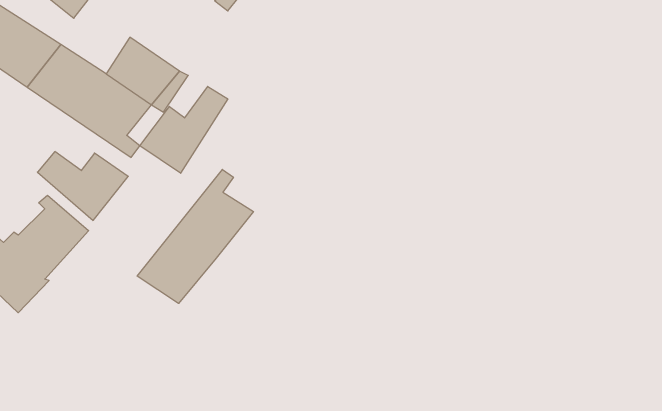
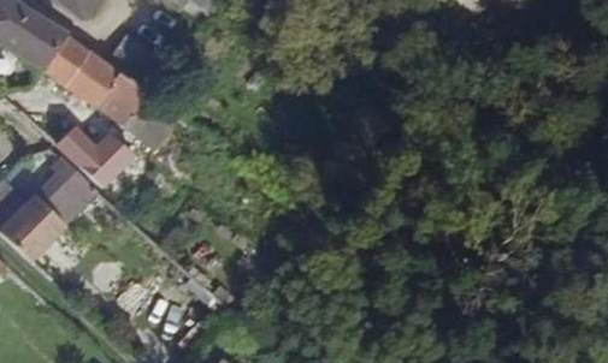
building: [140,86,228,173] -> none
building: [137,169,253,303] -> none

